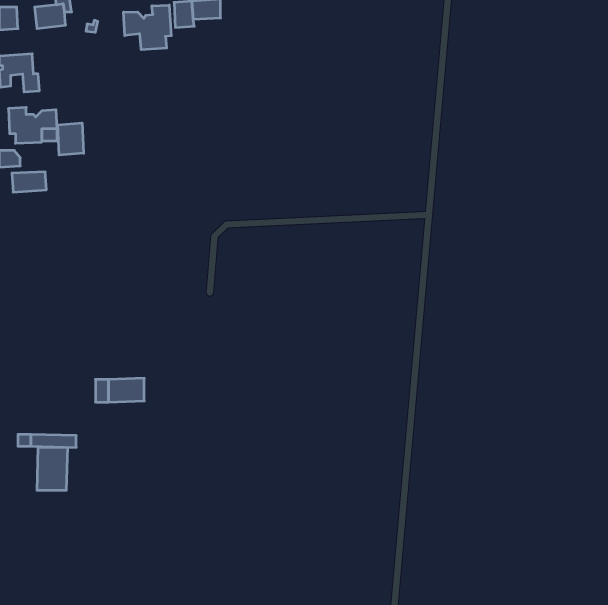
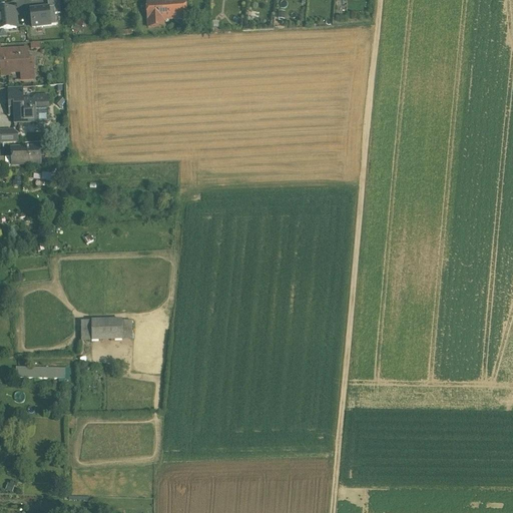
building: [124,5,171,50] -> none
building: [58,123,84,155] -> none
building: [37,447,67,490] -> none

